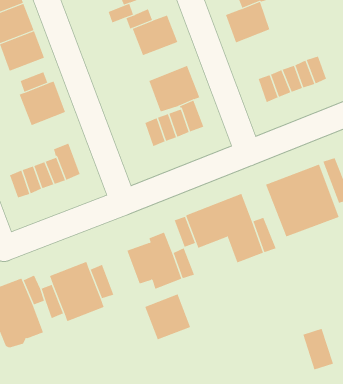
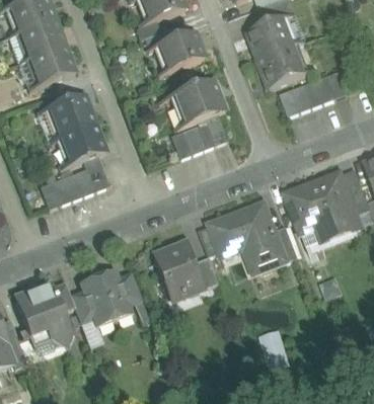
building: none -> [257,45,303,87]
building: none -> [60,125,103,164]
building: [144,294,191,340] -> none
building: [302,328,334,370] -> [257,326,288,367]

